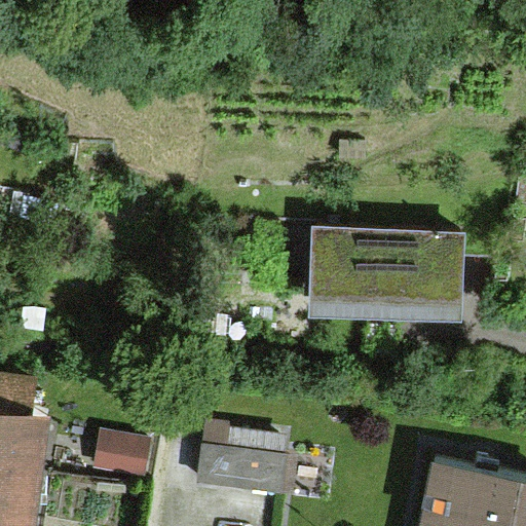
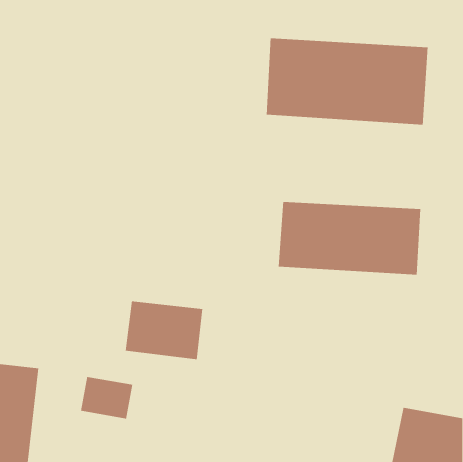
building: none -> [266,37,428,126]
building: [194,423,283,490] -> [125,301,203,360]

